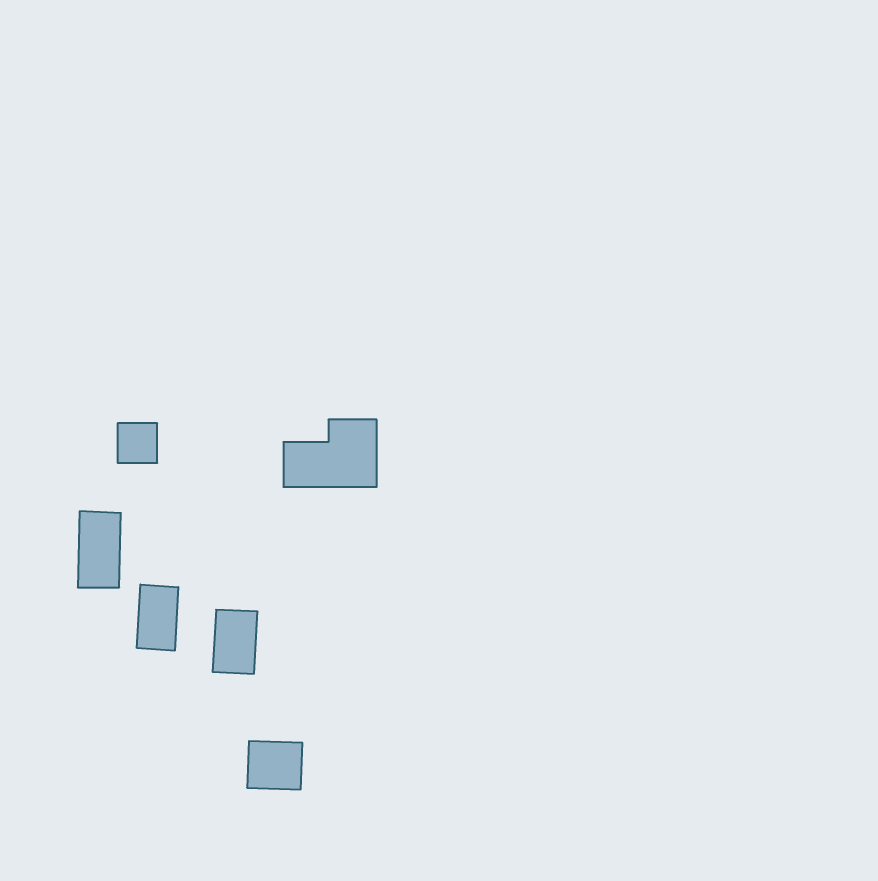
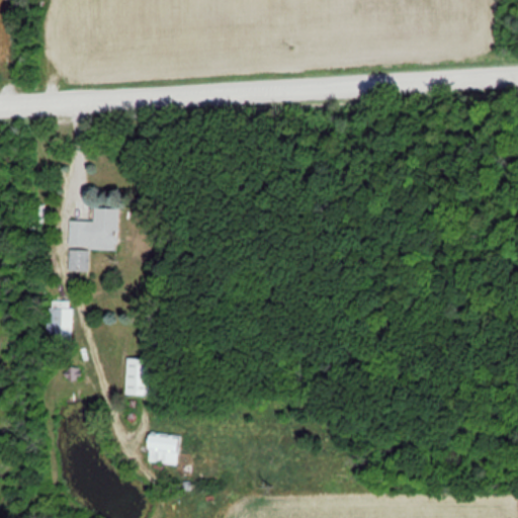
building: [283,420,377,487] -> [69,207,123,247]
building: [137,584,178,651] -> none

